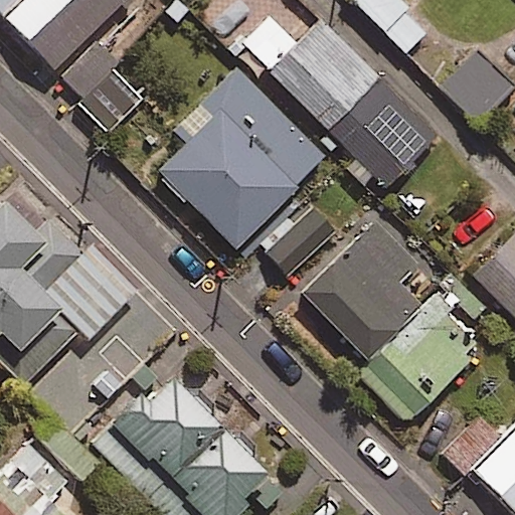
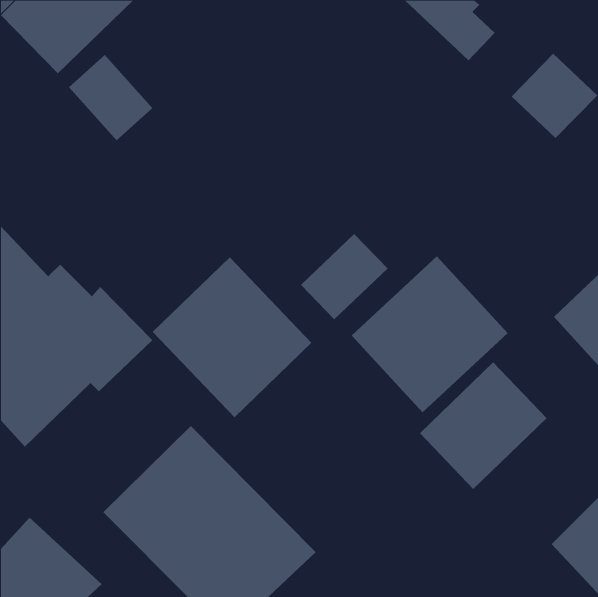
building: [245,16,434,187] -> none
building: [158,70,325,247] -> none
building: none -> [152,257,312,418]

